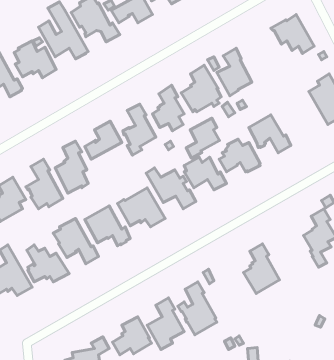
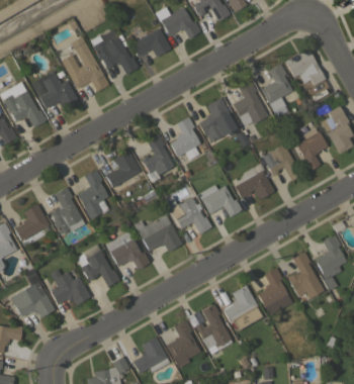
building: none -> [261,64,293,117]
building: none -> [292,131,328,172]
building: [186,118,220,158] -> none
building: none -> [287,252,327,299]
building: none -> [224,285,262,327]

